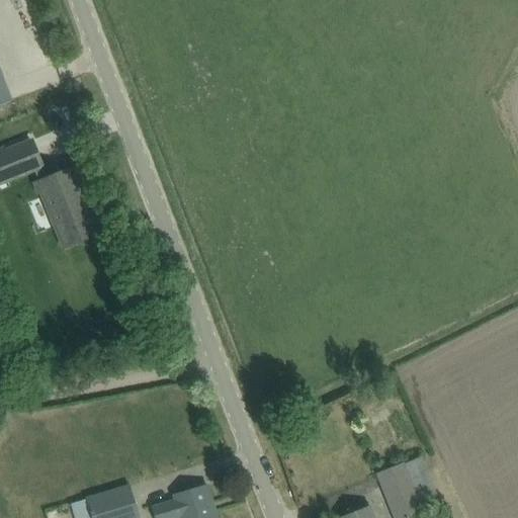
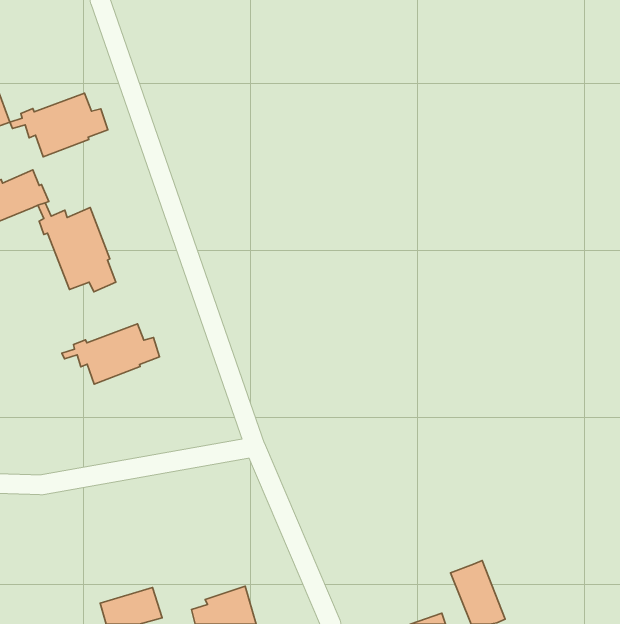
building: none -> [10,93,108,157]
building: none -> [62,324,159,384]

